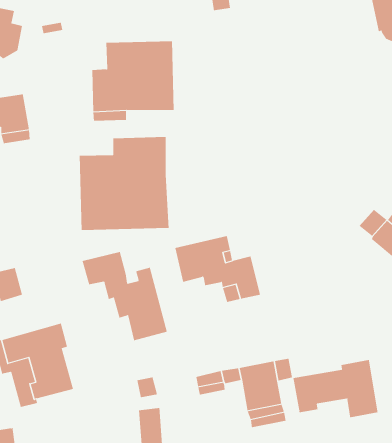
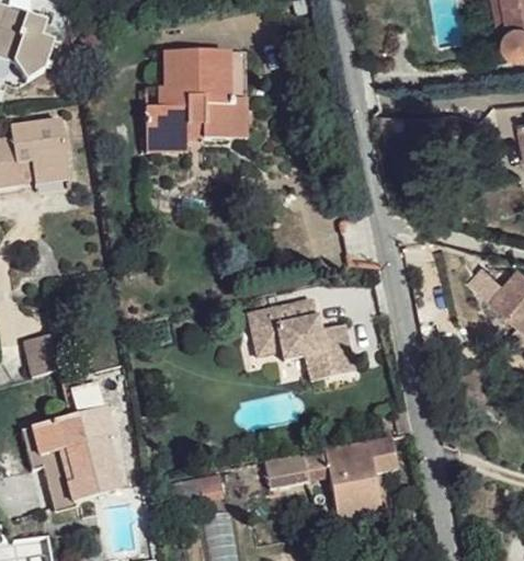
building: [79,136,169,231] -> none
building: [82,251,167,341] -> none
building: [293,359,378,418] -> none

